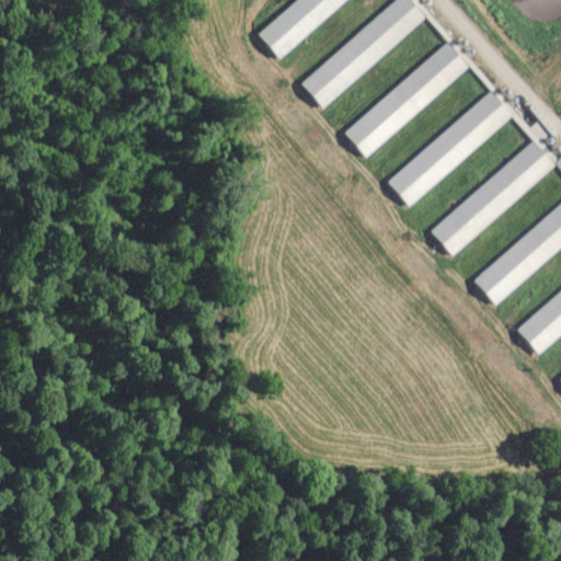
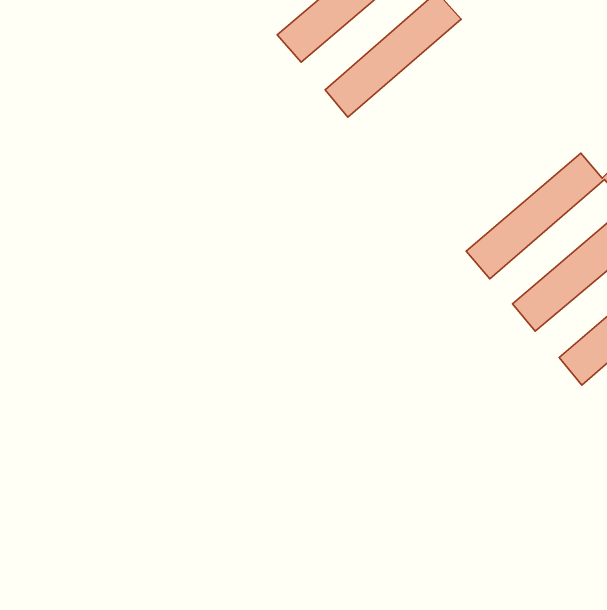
building: [344,42,470,157] -> none
building: [388,91,513,206] -> none

